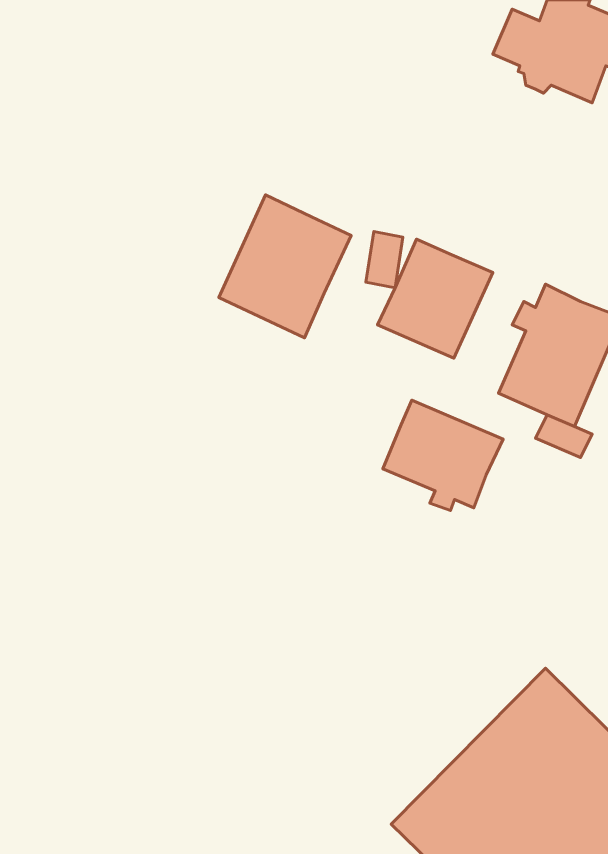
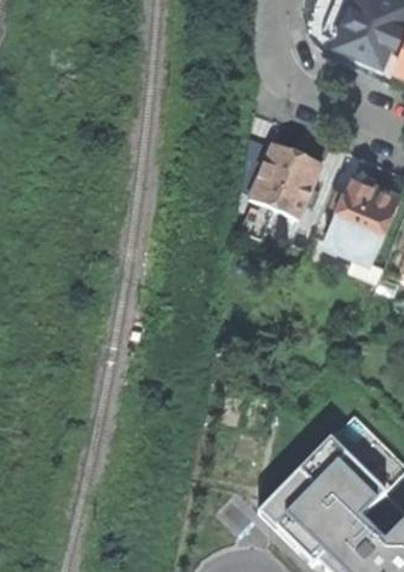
building: [219,195,351,338] -> none
building: [383,400,503,510] -> none

